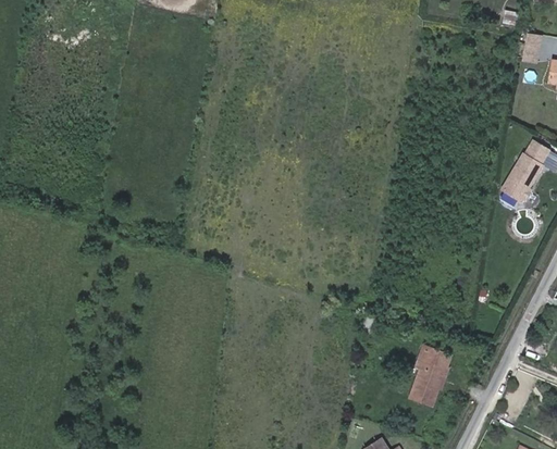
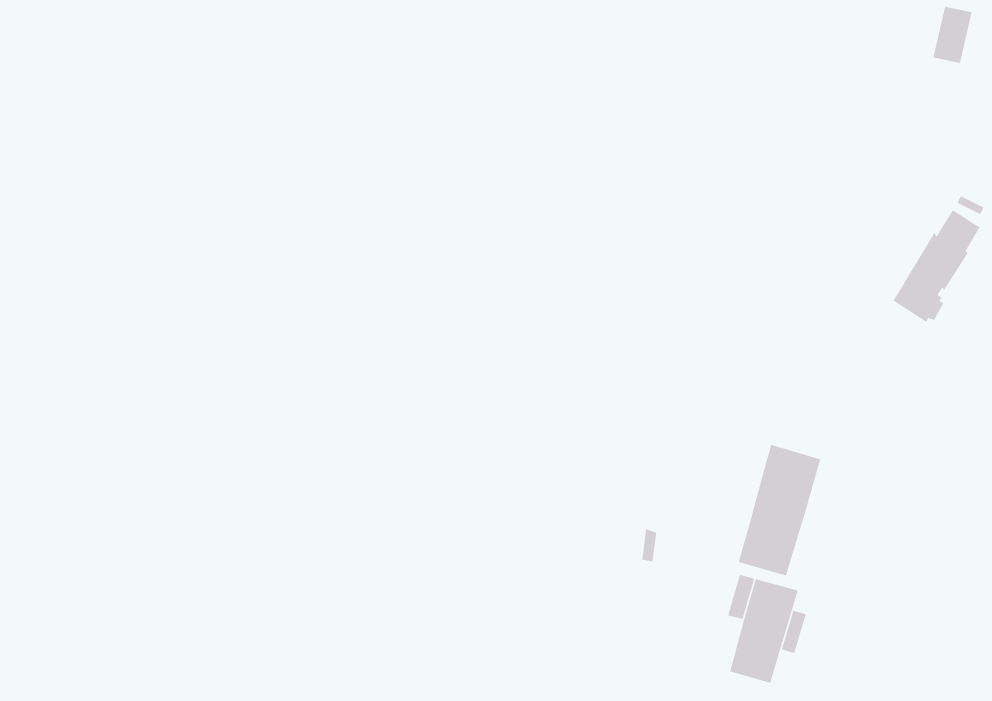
building: none -> [738,444,821,577]

